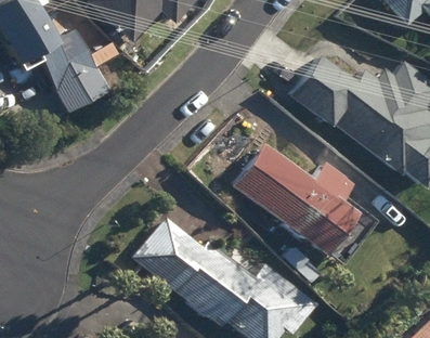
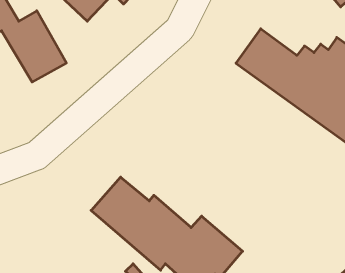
building: [229,144,351,268] -> none

